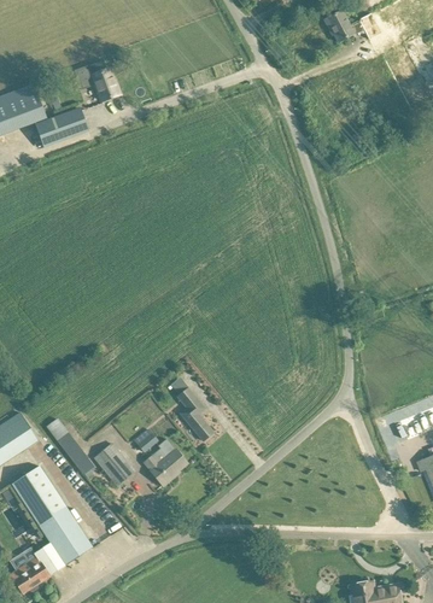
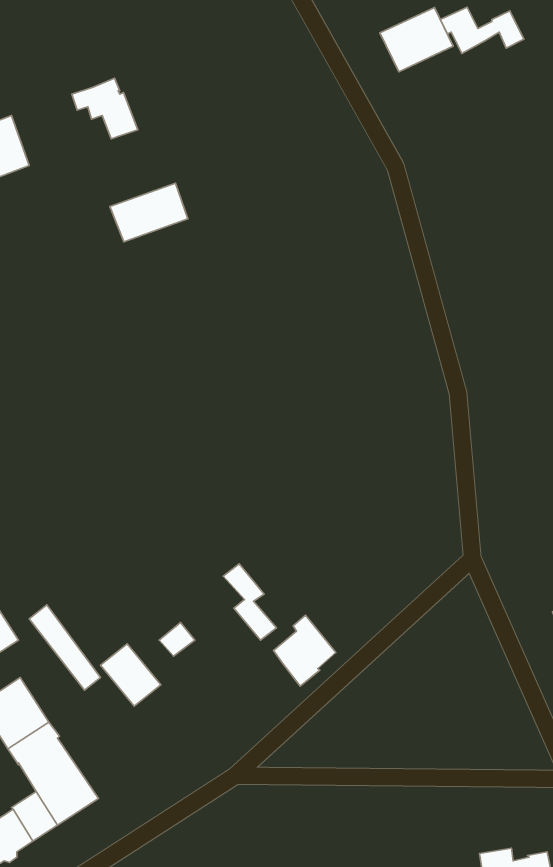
building: none -> [380,7,453,72]
building: [34,107,87,147] -> [110,183,188,242]
building: [144,438,186,486] -> [273,615,336,686]

